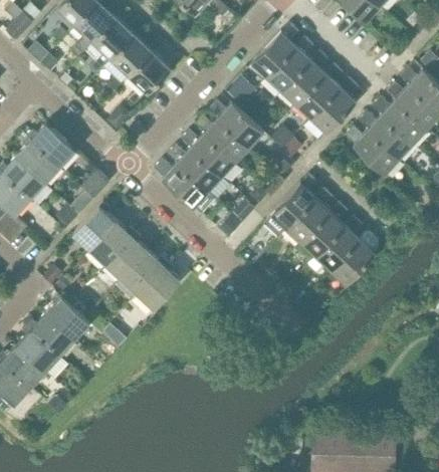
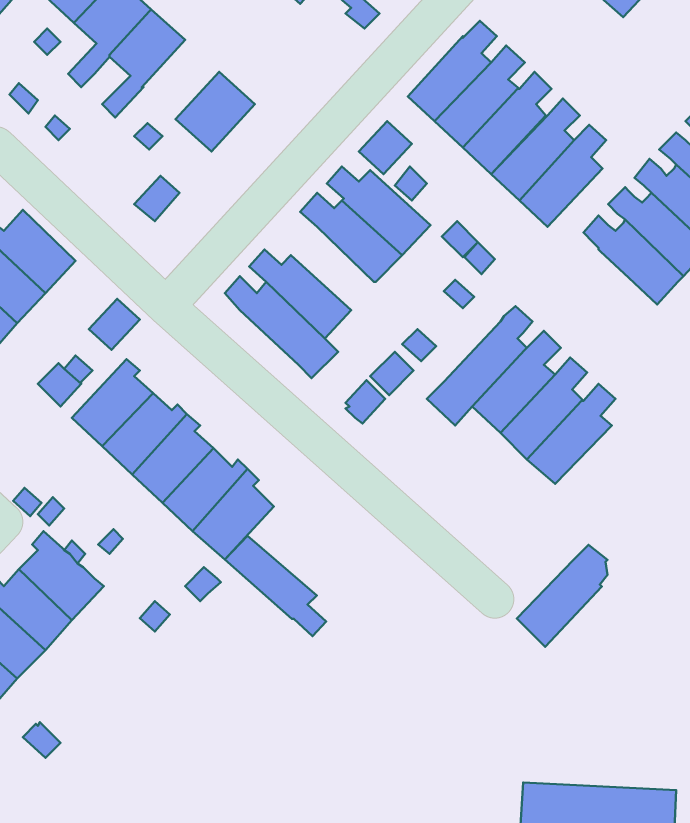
building: [111,34,152,76] -> none
building: [182,131,235,178] -> none
building: [331,231,379,285] -> [517,545,607,647]
building: none -> [225,536,326,636]

